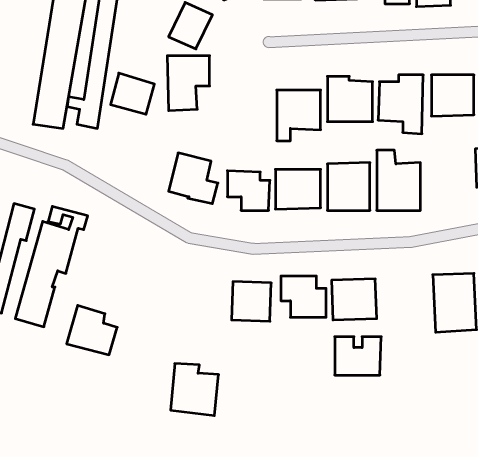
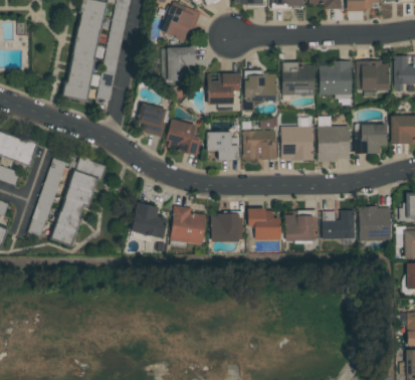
building: [111,73,154,114] -> [136,106,168,136]
building: none -> [207,73,240,105]
building: none -> [354,125,387,154]
building: [67,305,117,355] -> [131,202,168,238]
building: [335,337,381,375] -> [322,211,356,239]
building: [171,364,219,416] -> [171,206,206,244]

